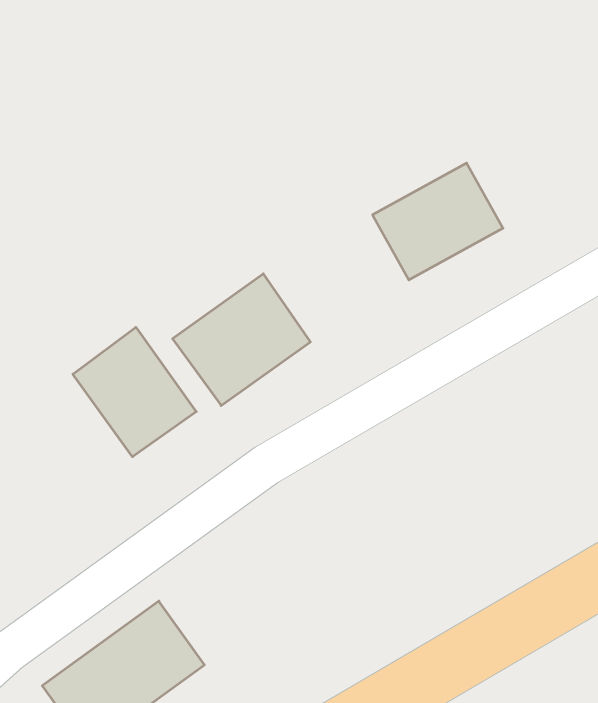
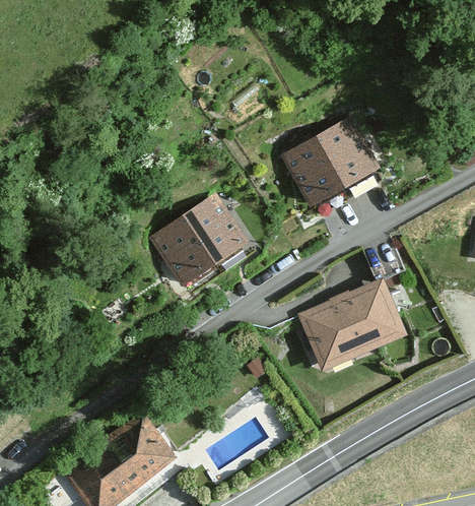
building: [73,327,196,457] -> none
building: none -> [299,281,404,371]

